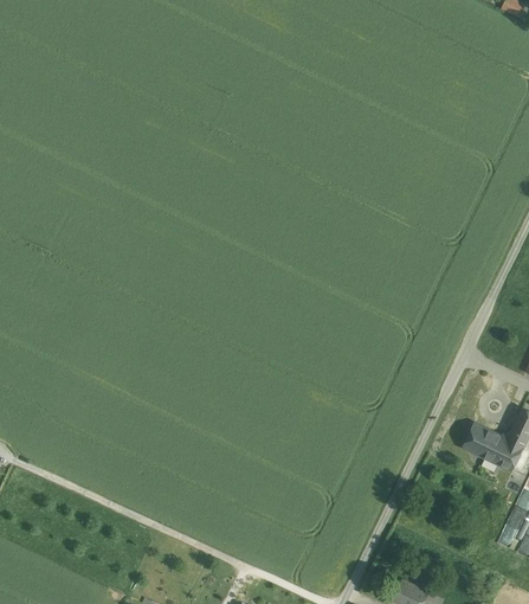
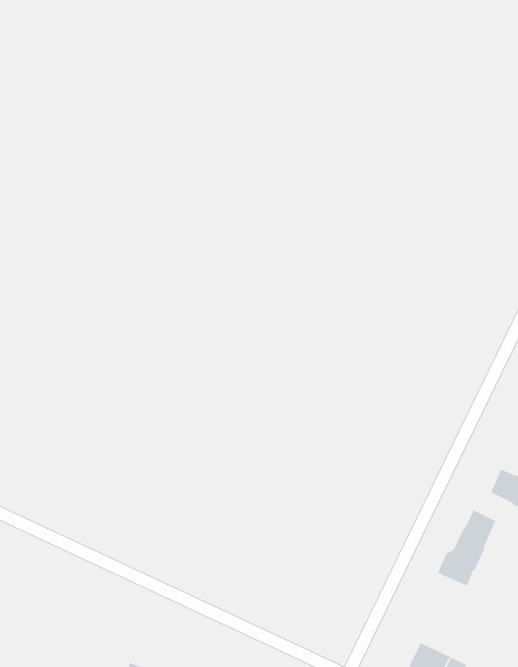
building: none -> [437,509,496,586]

